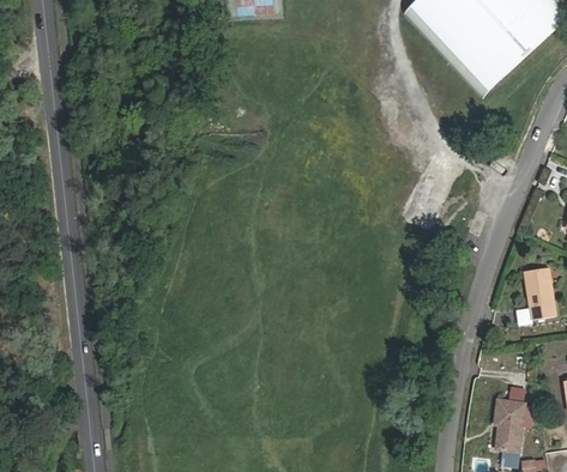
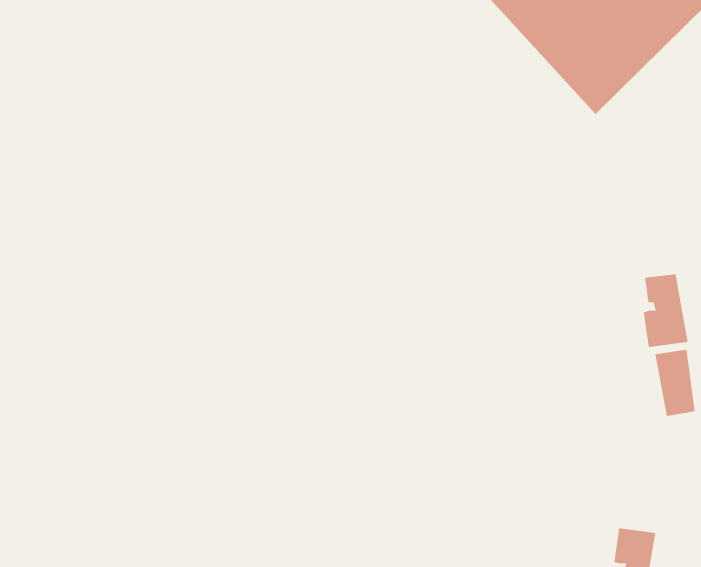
building: none -> [643,274,688,348]

